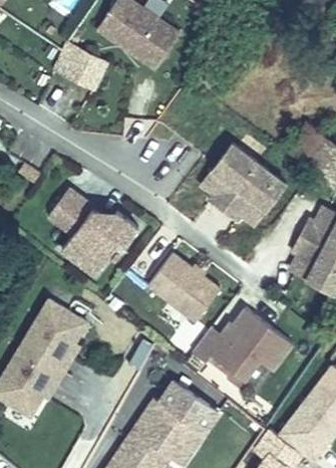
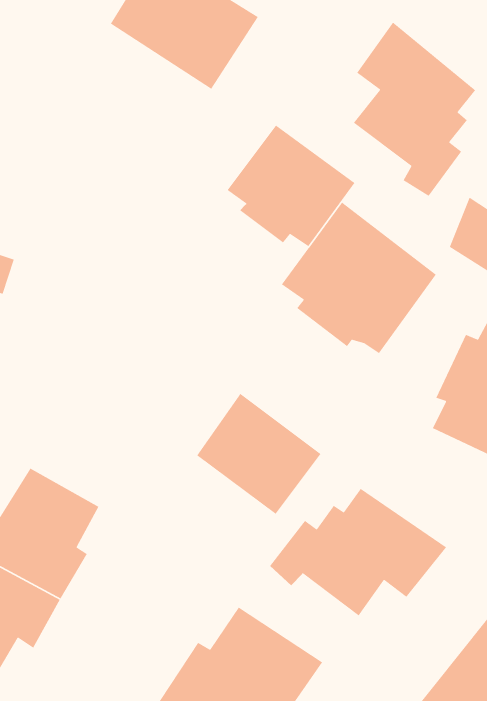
building: none -> [353,21,476,197]
building: [54,41,109,94] -> none
building: none -> [226,125,355,247]
building: [48,187,141,276] -> none

